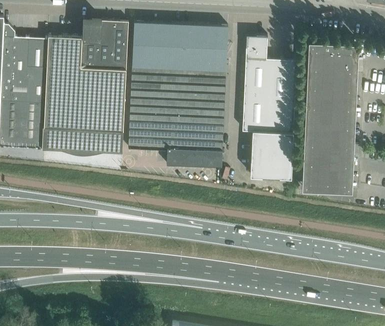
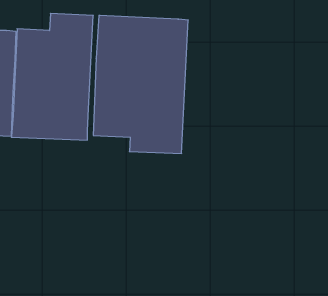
building: [242,35,296,178] -> none
building: [301,41,358,191] -> none

